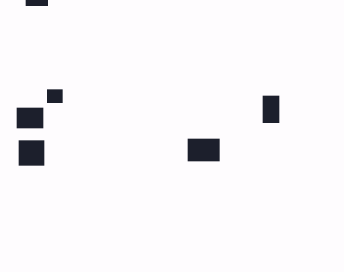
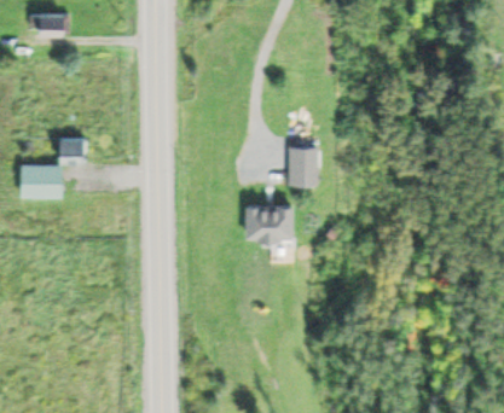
building: [262,95,280,124] -> [291,150,315,187]
building: [18,139,45,166] -> none

